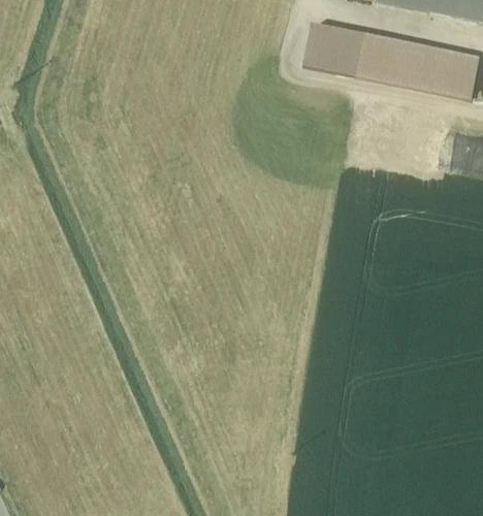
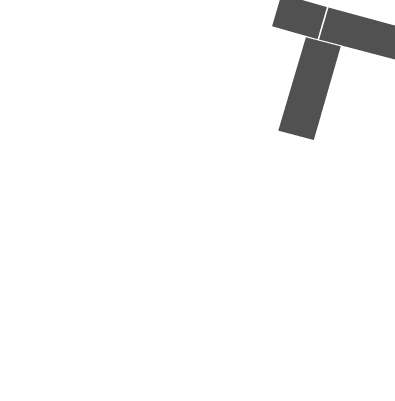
building: none -> [278,37,341,141]

